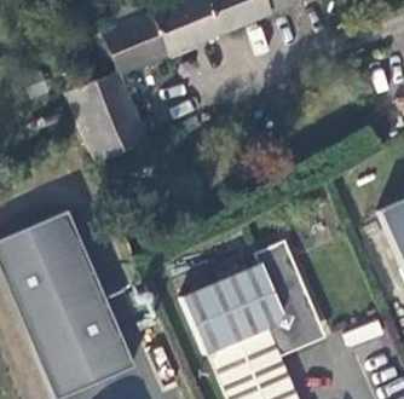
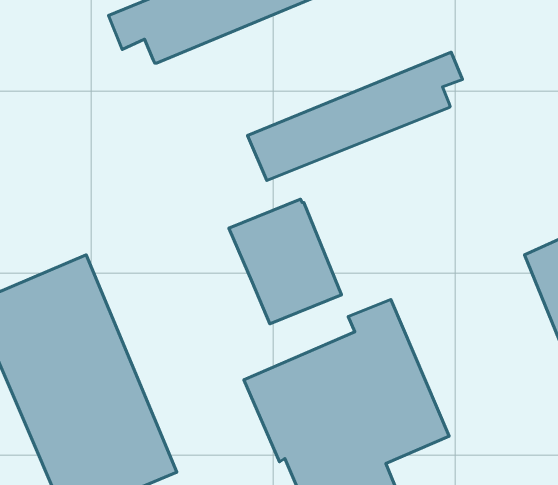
building: none -> [248,52,463,180]
building: [65,73,145,161] -> [229,199,342,324]

